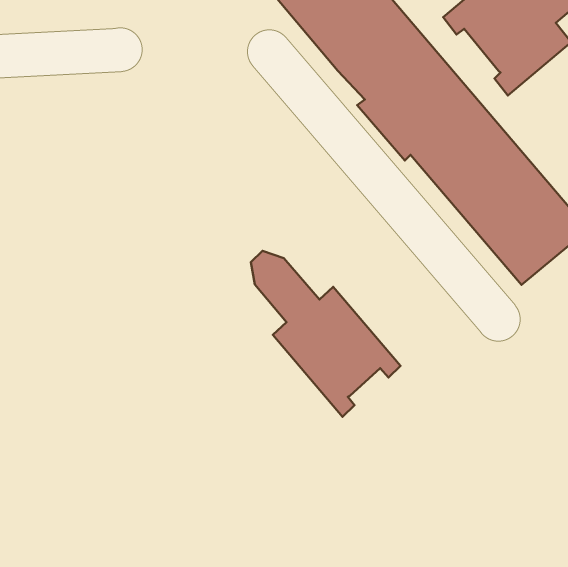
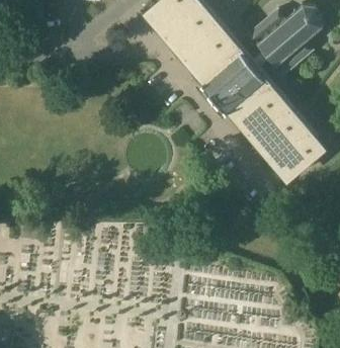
building: [251,251,400,417] -> none

